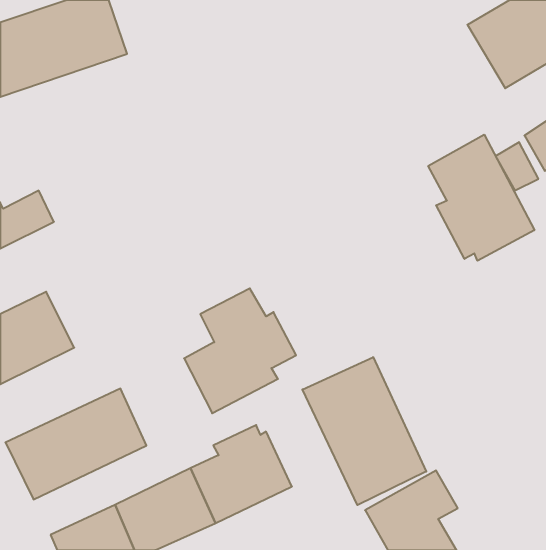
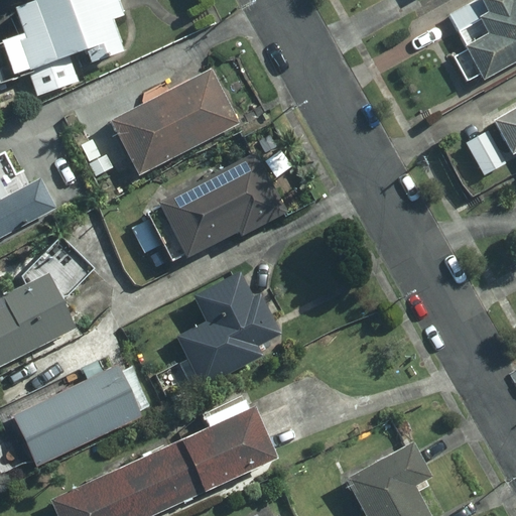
building: none -> [112,77,246,182]
building: [428,135,534,261] -> none
building: none -> [133,150,288,259]
building: [302,357,426,505] -> none

